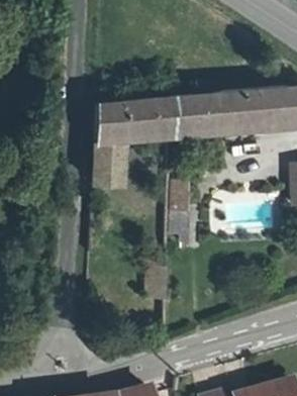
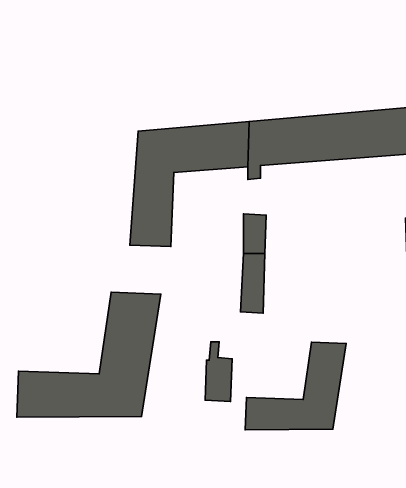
building: none -> [17,292,161,417]
building: none -> [245,342,346,430]

